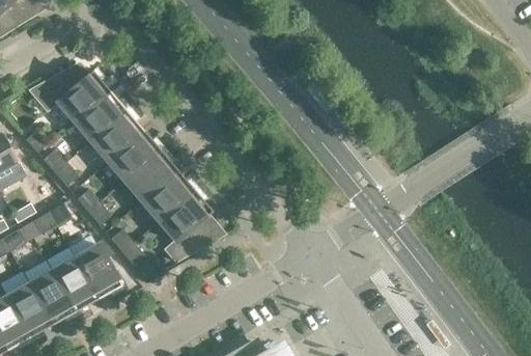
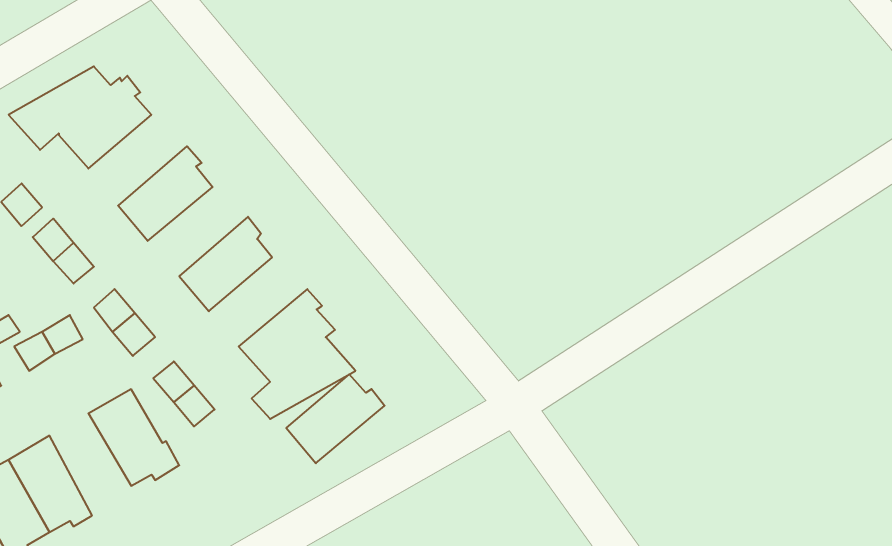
building: [74,91,129,142] -> none
building: [107,132,163,182] -> none
building: [141,171,196,221] -> [286,374,385,463]
building: [52,258,97,316] -> none

